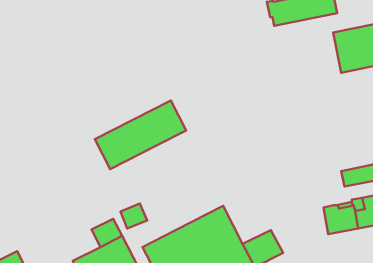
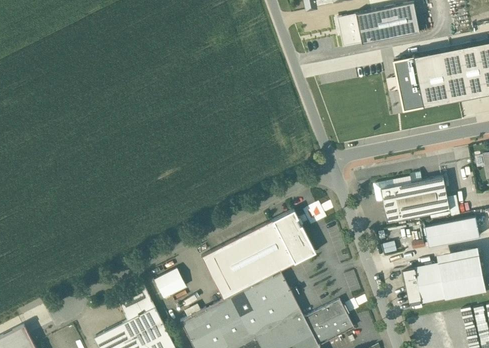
building: none -> [394,55,425,109]
building: [95,101,186,169] -> [201,215,314,300]
building: none -> [373,176,450,222]

